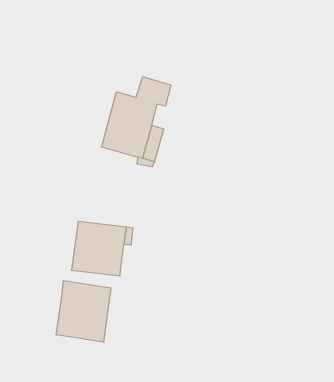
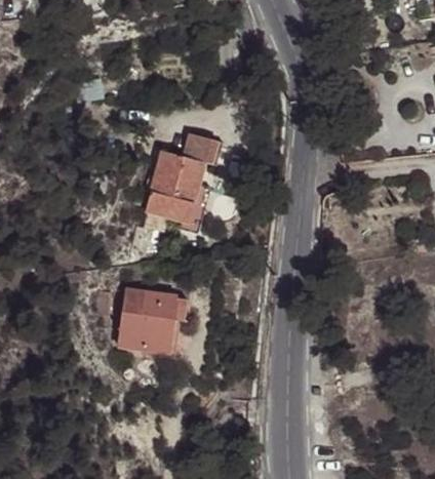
building: [56,281,111,342] -> none

